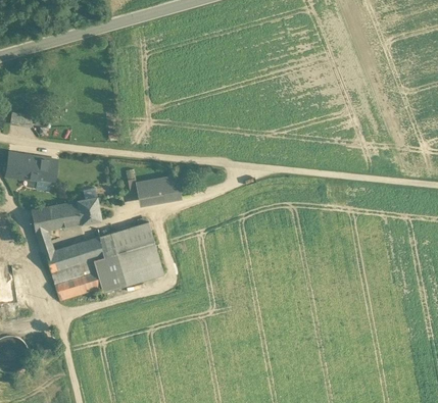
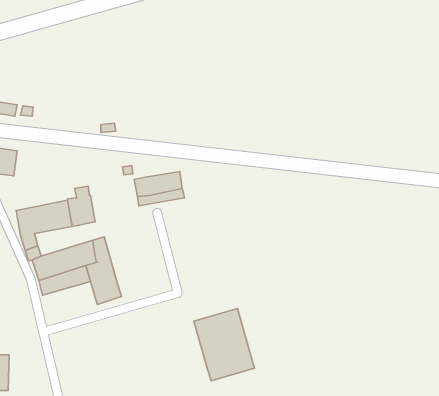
building: [29,157,57,184] -> none
building: [109,222,163,287] -> [194,309,255,381]
building: [54,273,101,300] -> none

